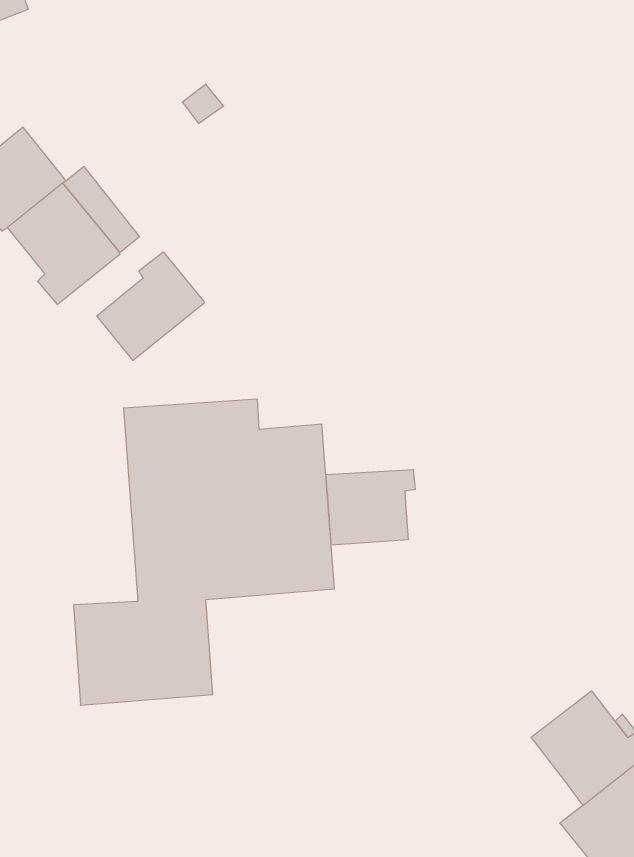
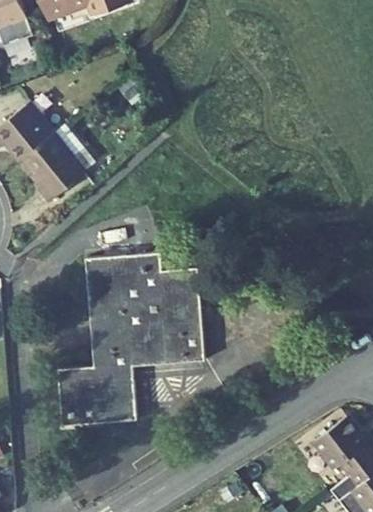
building: [97,252,204,360] -> none
building: [326,469,415,545] -> none

